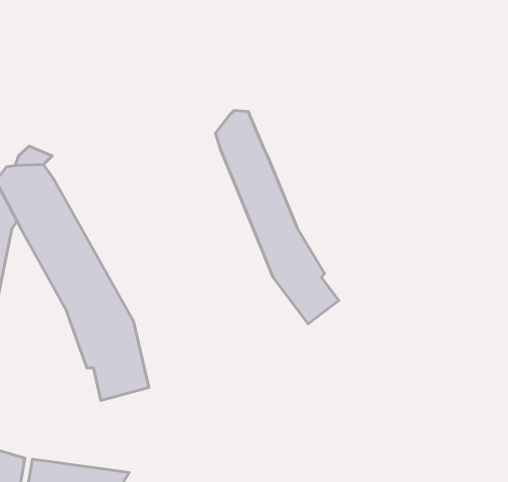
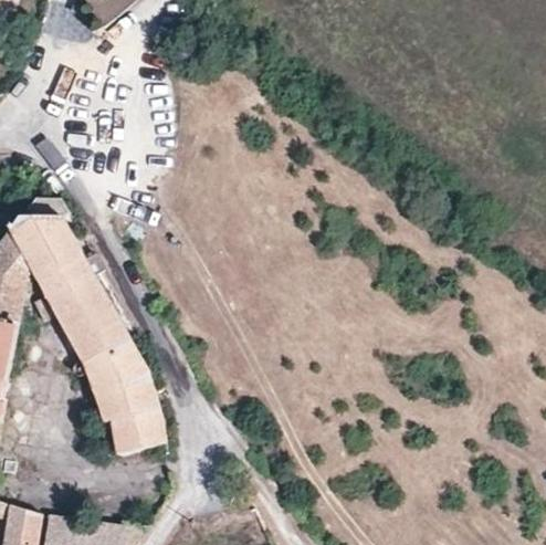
building: [215,111,339,324] -> none

